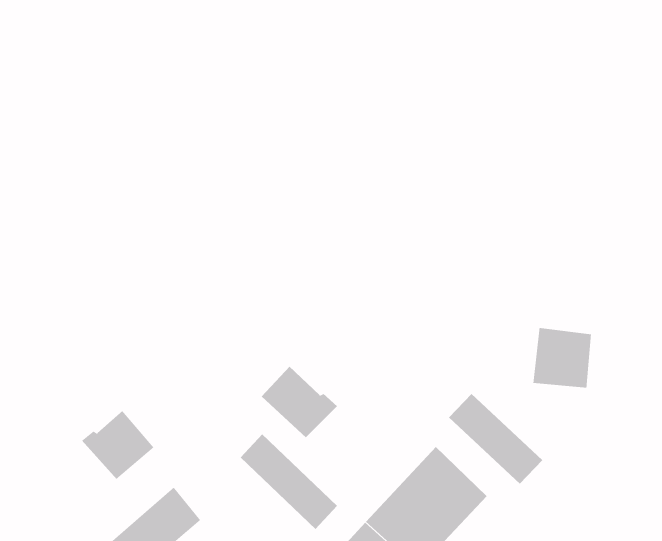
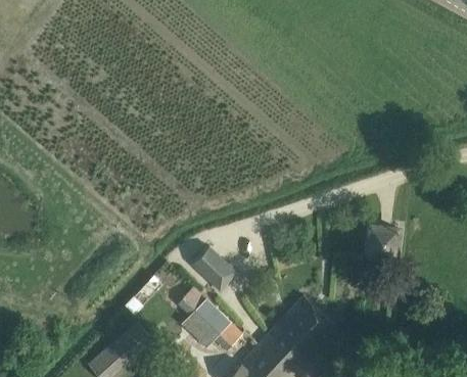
building: [448,393,543,485] -> none
building: [81,410,155,480] -> none

